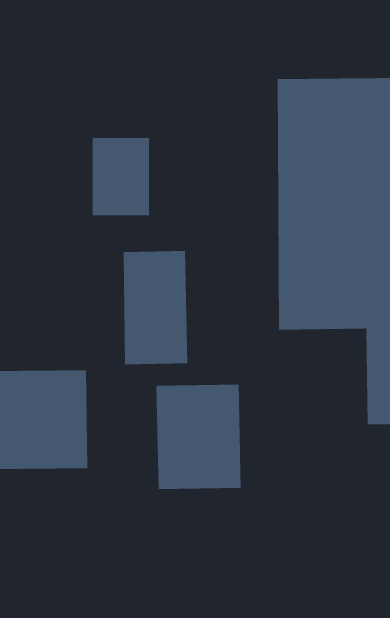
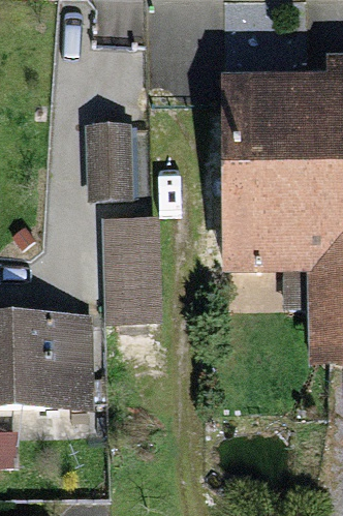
building: [156,384,241,490] -> none

